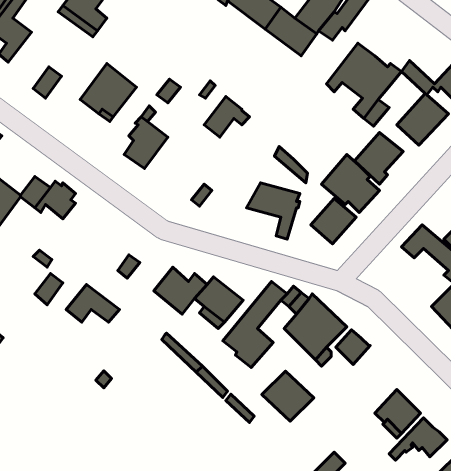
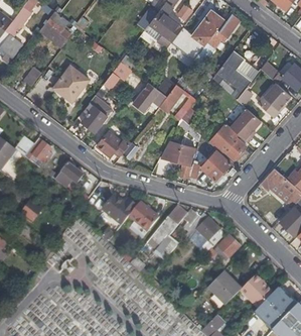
building: none -> [159,83,195,111]
building: none -> [97,131,130,156]
building: [66,284,119,322] -> [54,162,89,187]
building: [262,371,314,421] -> [207,271,241,304]

